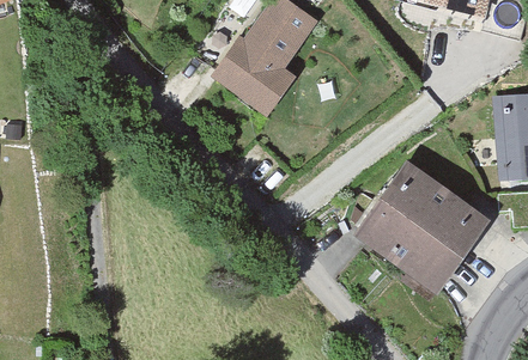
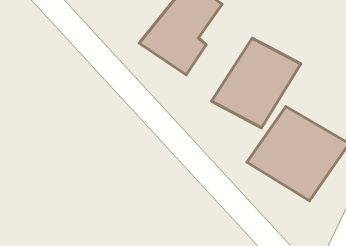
building: none -> [211,38,301,128]

